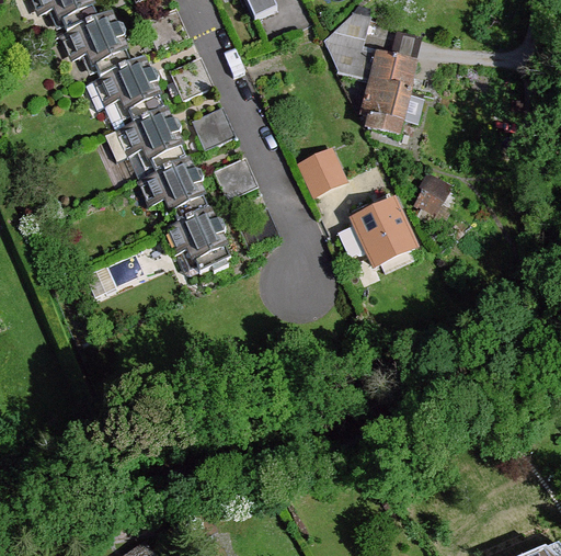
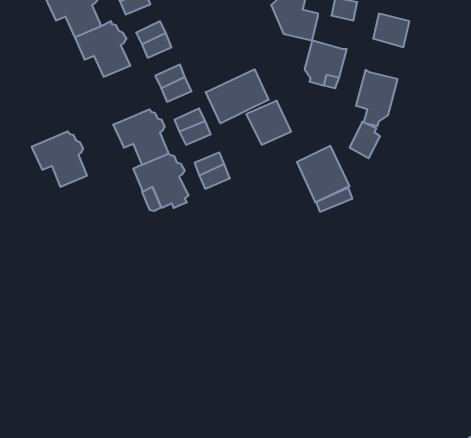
building: [371,52,413,90] -> [373,14,409,47]
building: [122,109,185,172] -> [32,131,87,187]
building: none -> [206,69,269,123]
building: none -> [356,70,397,126]

